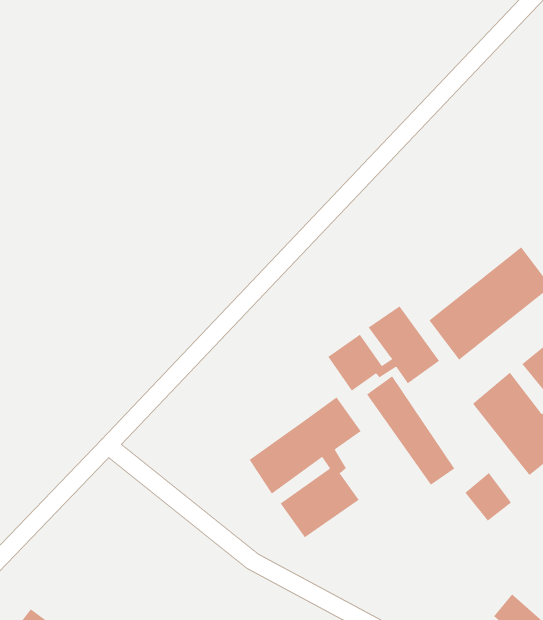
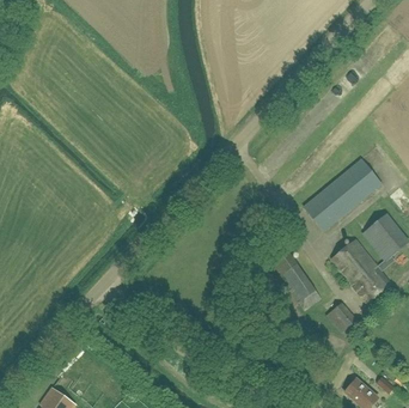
building: [327,306,440,392] -> none
building: [249,396,361,538] -> none

